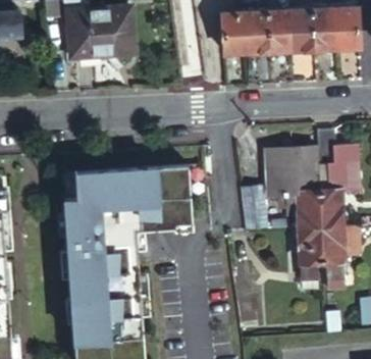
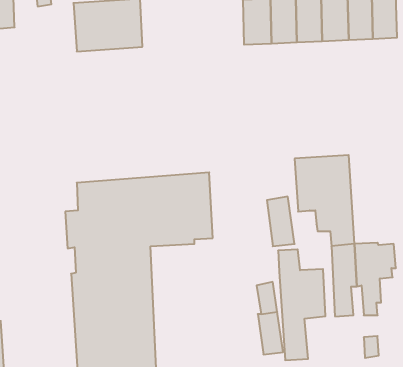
building: [313,132,355,229] -> [278,249,325,360]

